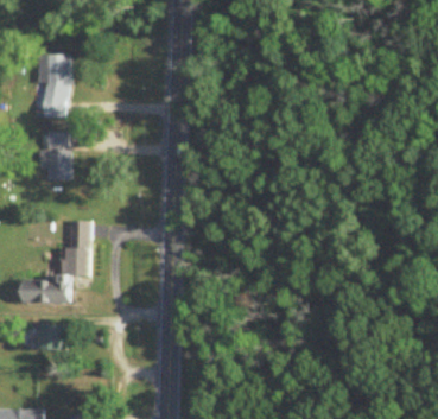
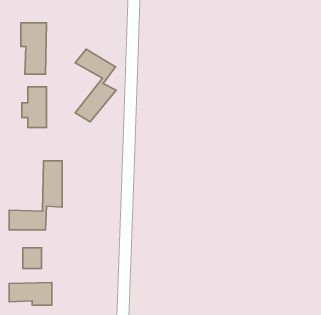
building: none -> [75,49,116,122]
building: none -> [9,282,52,305]

